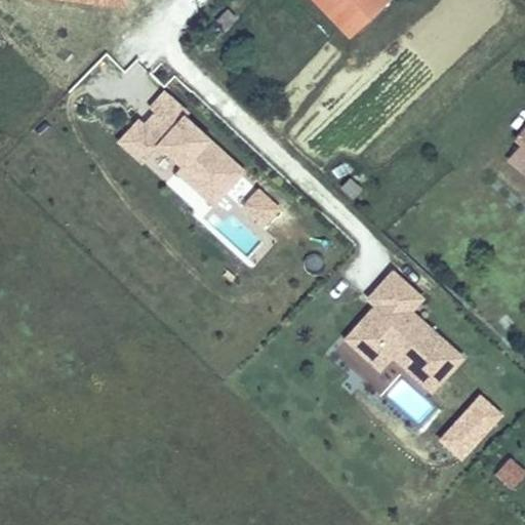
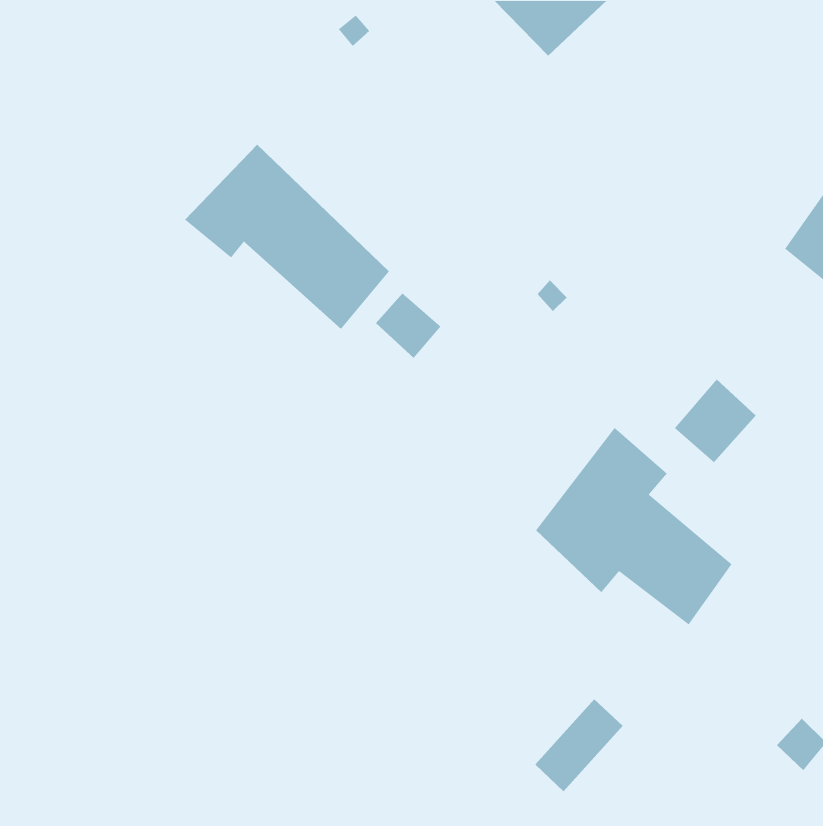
building: none -> [674,378,757,463]
building: [443,397,499,456] -> [534,698,623,792]

